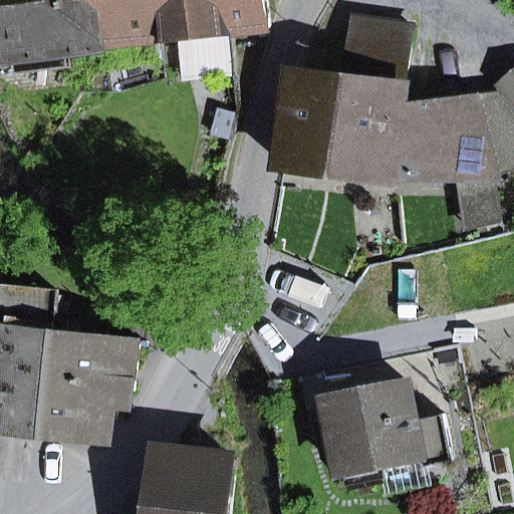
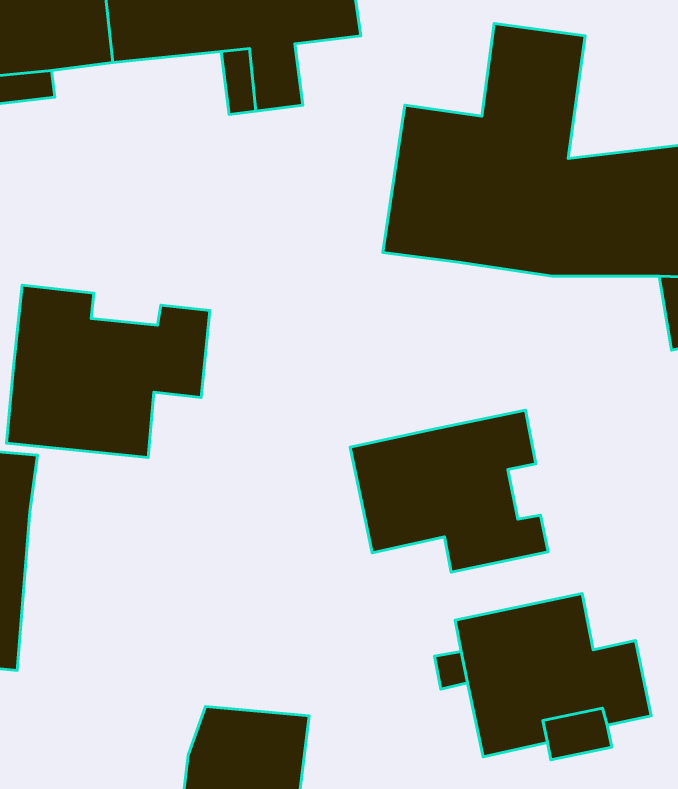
building: none -> [6,285,210,458]
building: none -> [350,410,548,572]
building: [45,330,136,437] -> none

